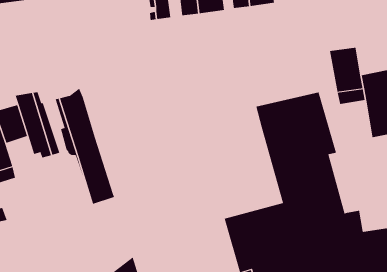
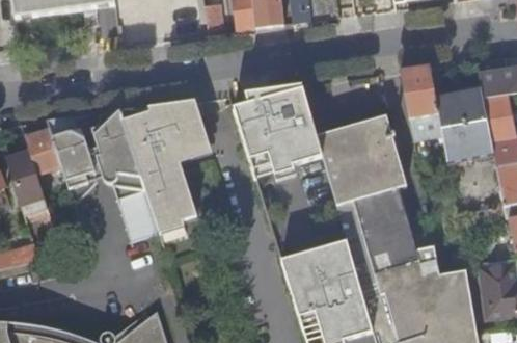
building: none -> [233,83,323,175]
building: none -> [124,100,213,230]

